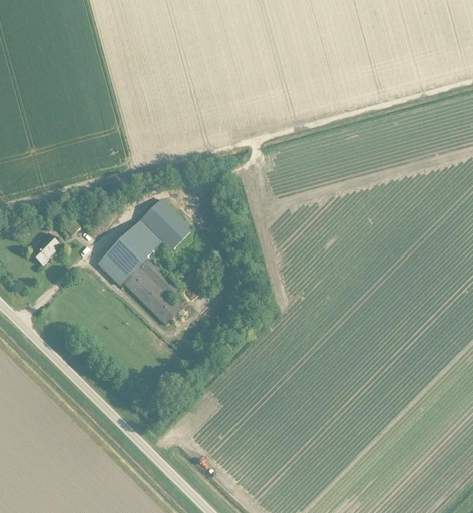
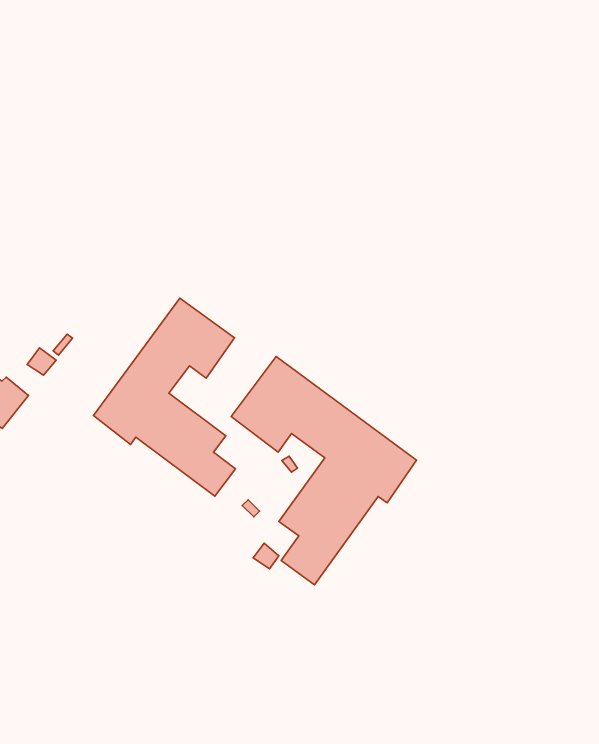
building: none -> [231,357,416,585]

